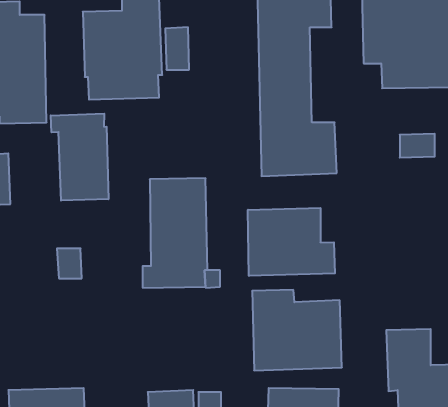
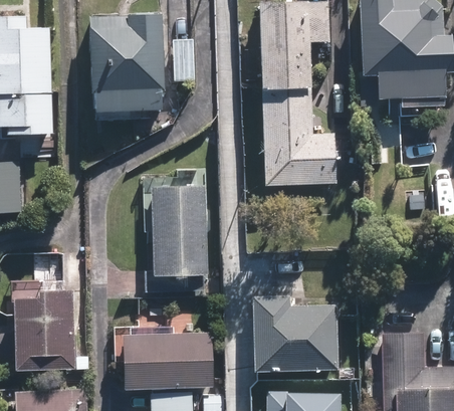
building: [51,114,108,201] -> none
building: [248,208,335,276] -> none
building: none -> [14,291,76,372]
building: none -> [123,334,216,391]

